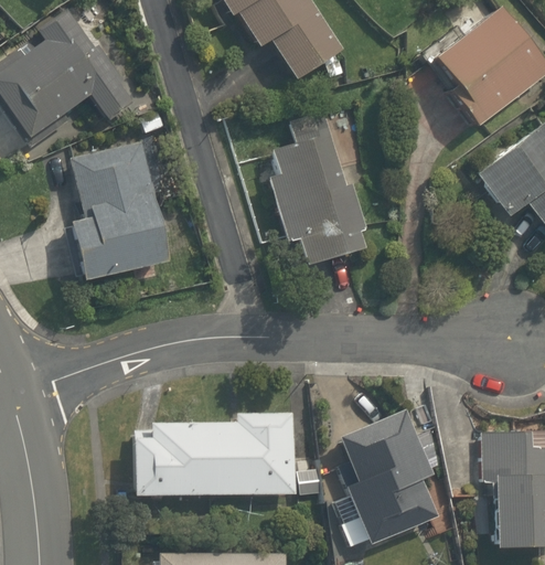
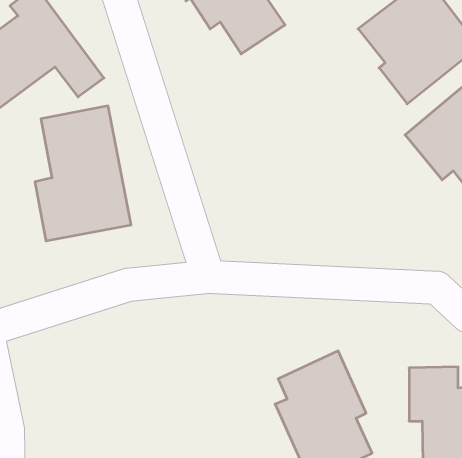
building: [268,128,363,276] -> none
building: [133,401,318,503] -> none

